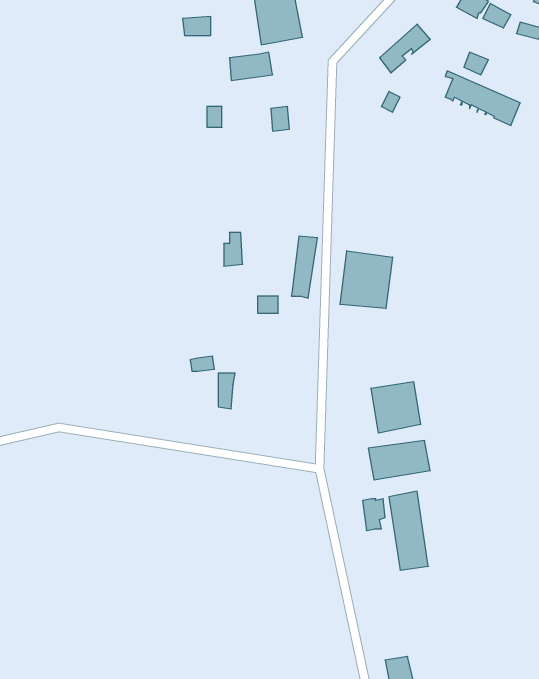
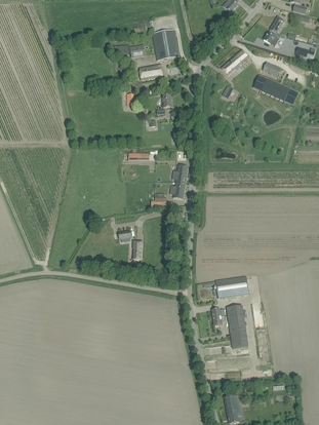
building: [340,251,393,309] -> none
building: [371,382,420,433] -> none

